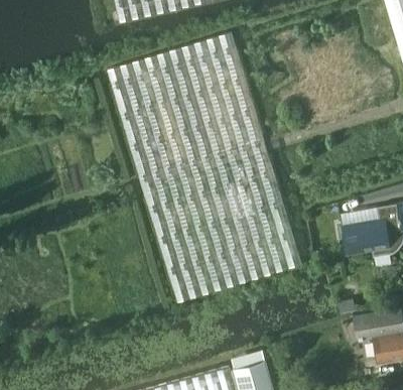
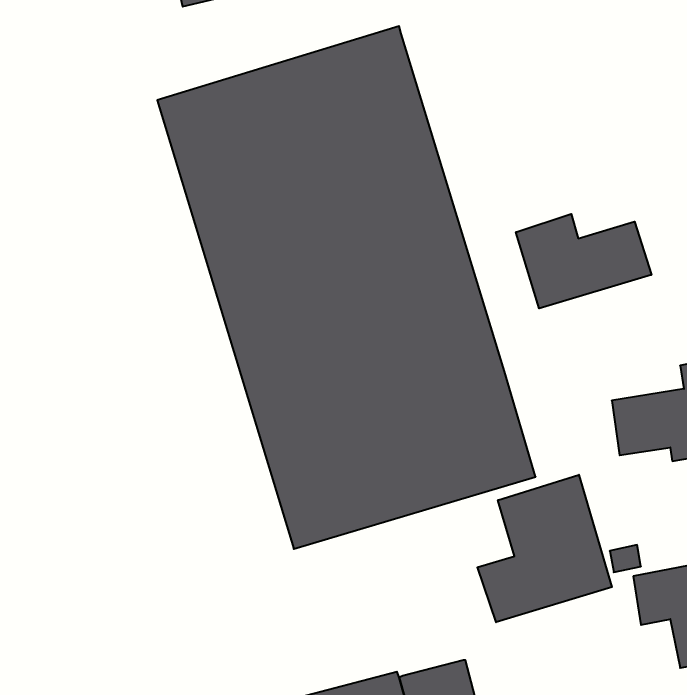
building: none -> [516,214,651,308]
building: none -> [477,475,612,622]

